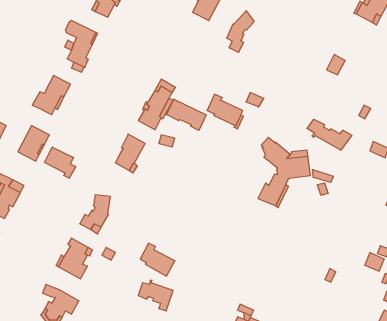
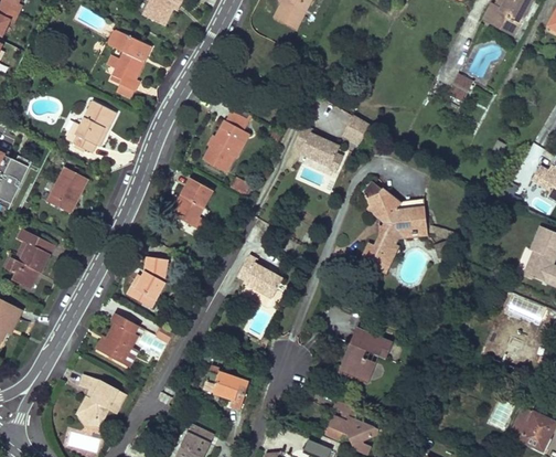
building: [227,11,254,52] -> none
building: [166,99,206,130] -> none
building: [307,119,352,150] -> none
building: [45,147,76,178] -> none
building: [140,243,175,276] -> [237,255,282,298]
building: none -> [342,320,392,381]

